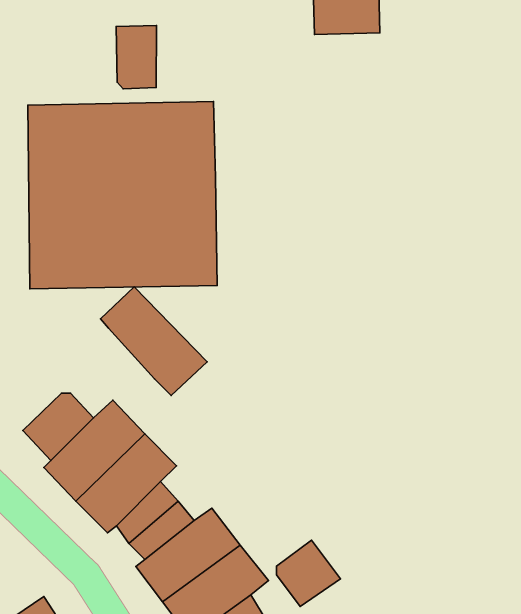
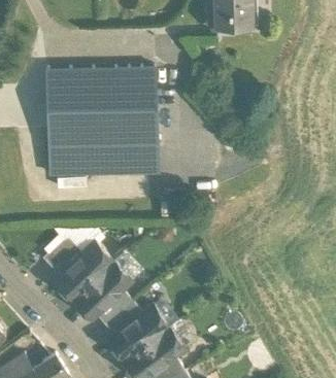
building: [116,26,156,89] -> none
building: [100,287,207,395] -> none
building: [276,540,340,607] -> none

